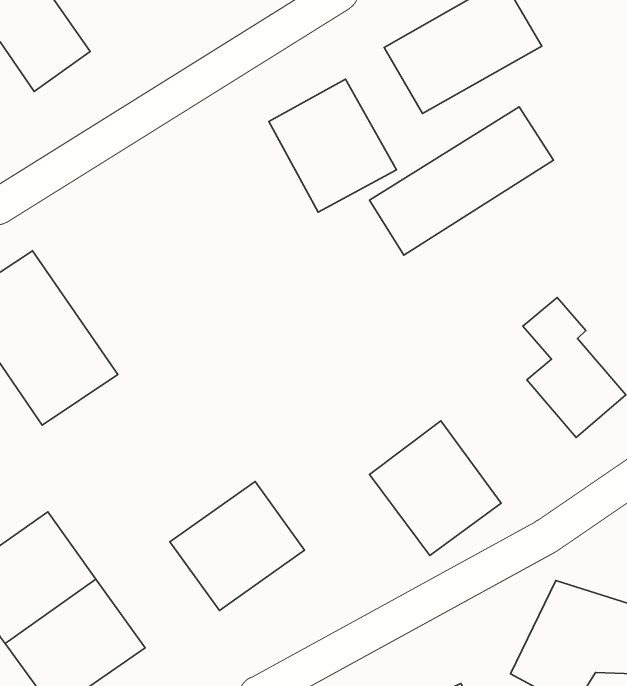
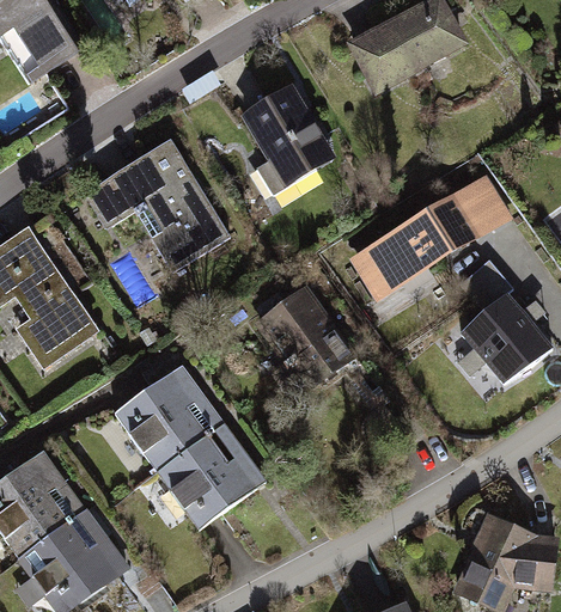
building: [369,107,553,255] -> [352,175,512,304]
building: none -> [89,137,242,296]
building: none -> [108,365,224,475]
building: [369,421,501,555] -> [252,275,367,392]

